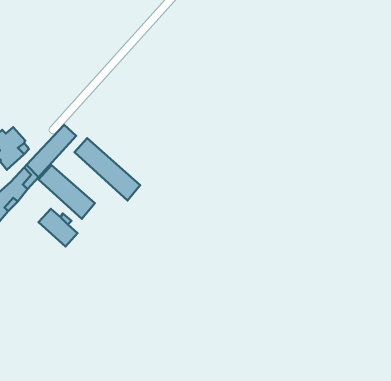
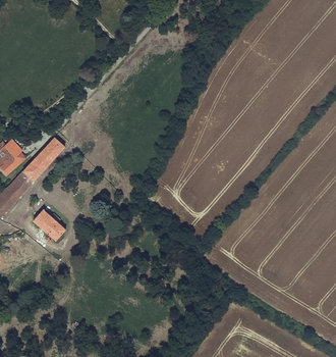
building: [74,138,140,200] -> none
building: [38,165,95,219] -> none

